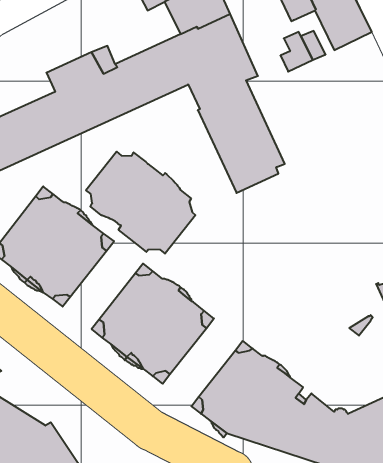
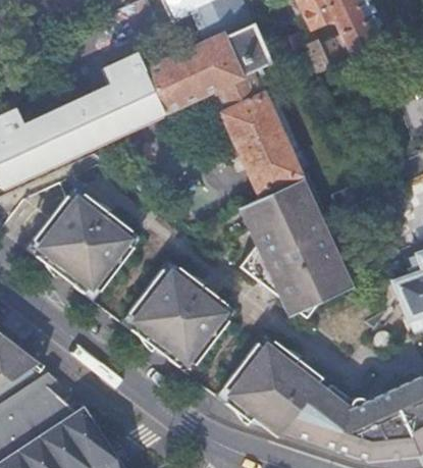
building: [86,152,195,254] -> none
building: none -> [242,174,352,317]

